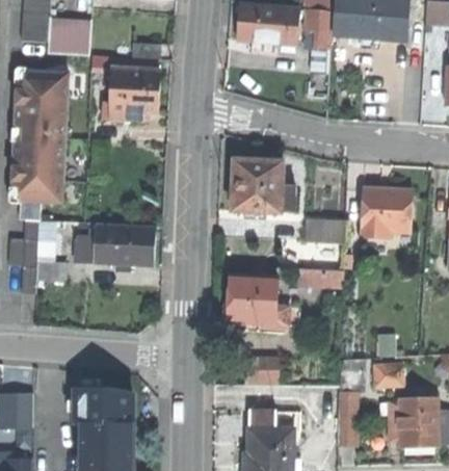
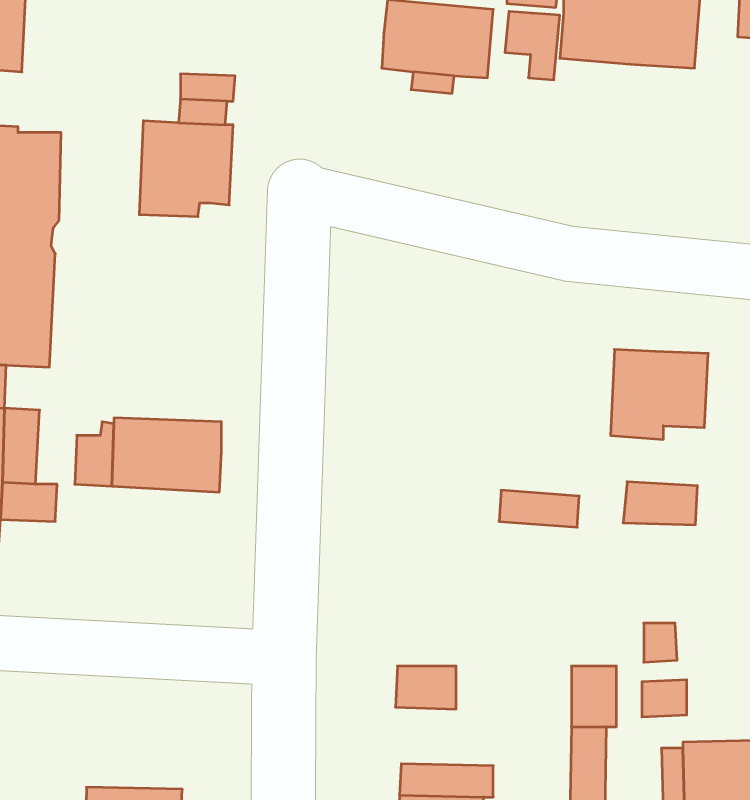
building: [49,17,90,56] -> none
building: [235,157,295,214] -> none
building: [306,218,345,241] -> [623,482,697,525]
building: [221,272,289,329] -> none
building: [75,390,132,424] -> none

